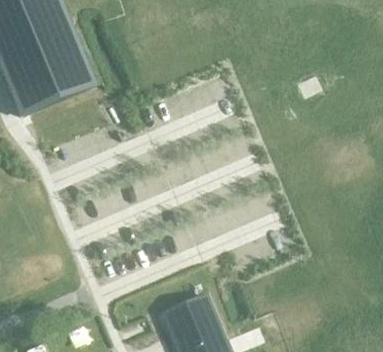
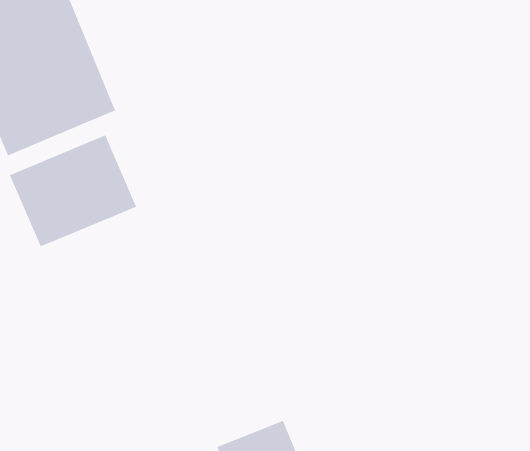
building: none -> [9,135,137,247]

